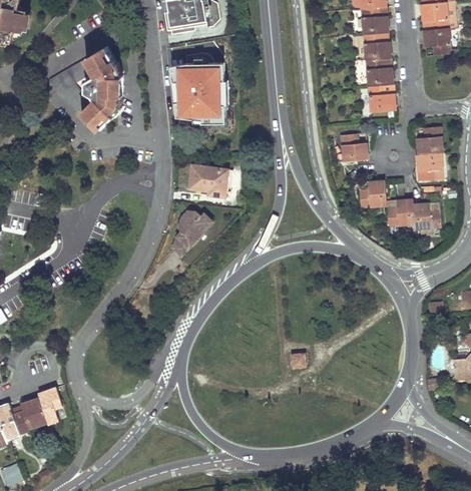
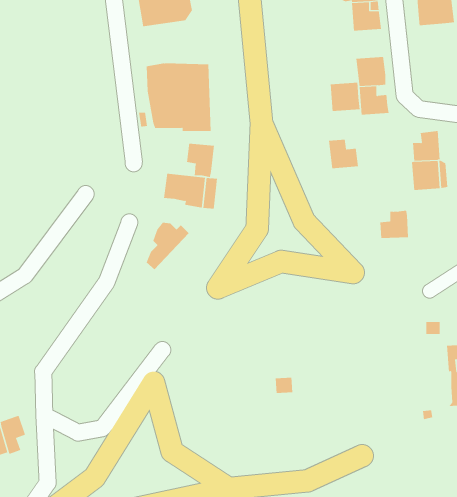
building: [422,28,450,55] -> none
building: [362,33,390,60] -> [330,82,360,112]
building: [47,45,120,132] -> none
building: none -> [186,143,214,178]
building: [358,180,386,207] -> none
building: [412,202,440,229] -> none

